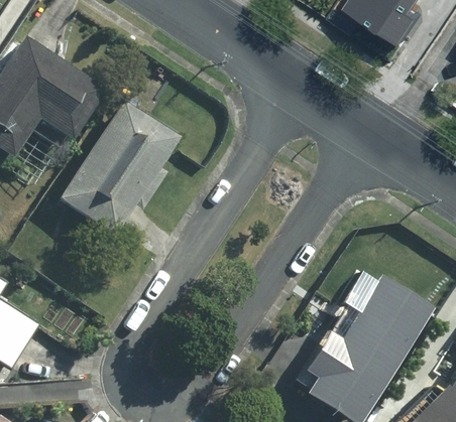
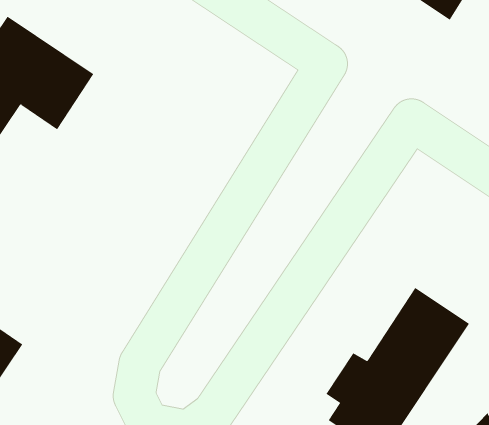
building: [60,102,177,233] -> none

